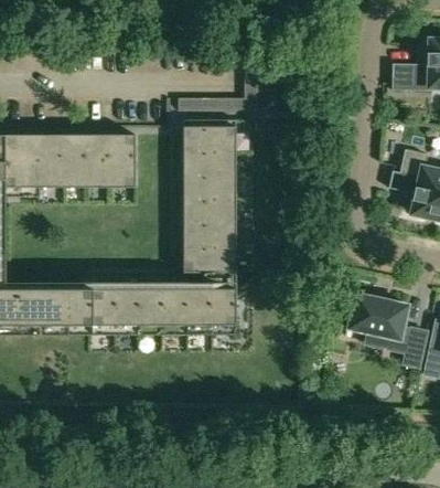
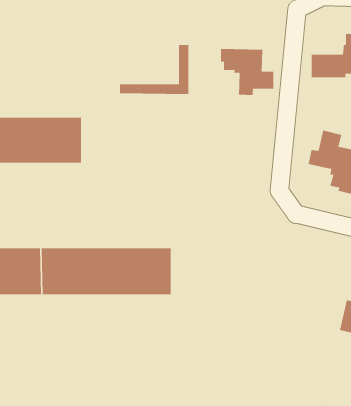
building: none -> [220,48,274,96]
building: [183,118,235,272] -> none
building: [347,291,428,367] -> none

